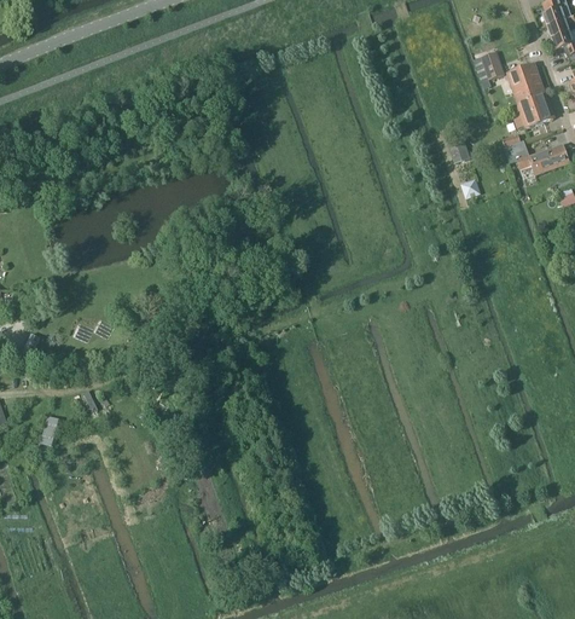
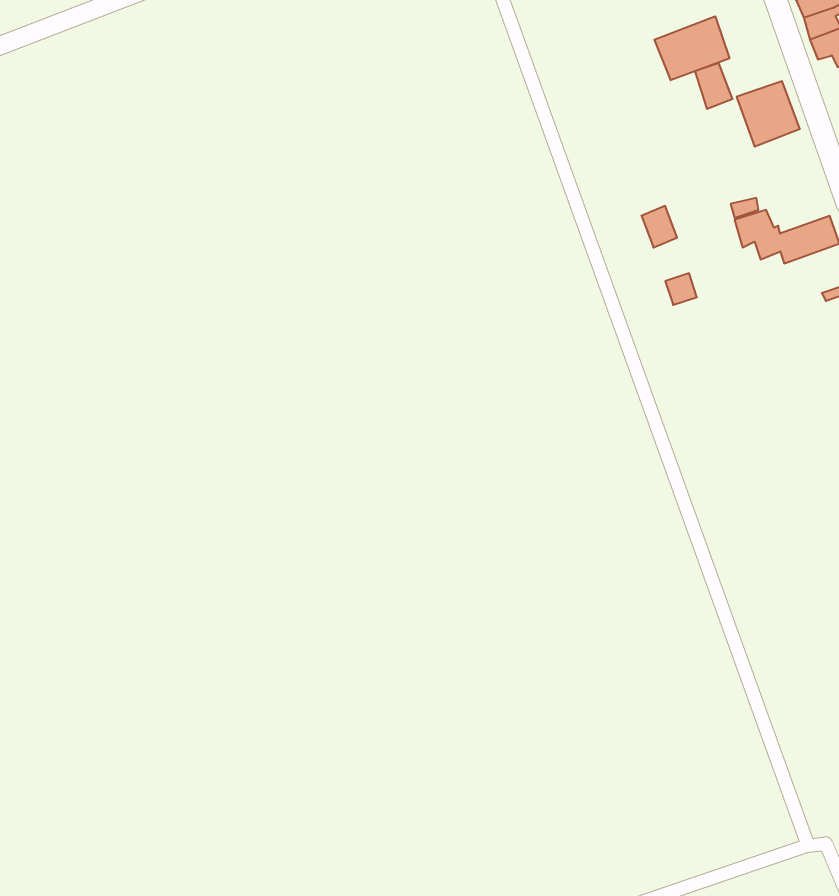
building: none -> [654,16,729,80]
building: [509,91,552,126] -> none

